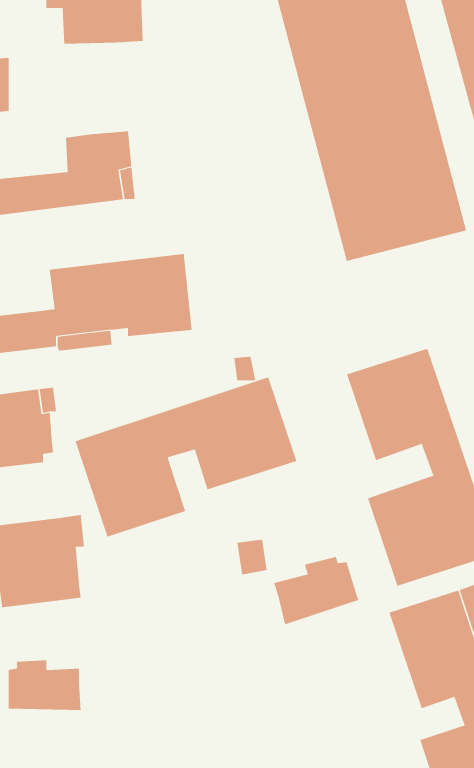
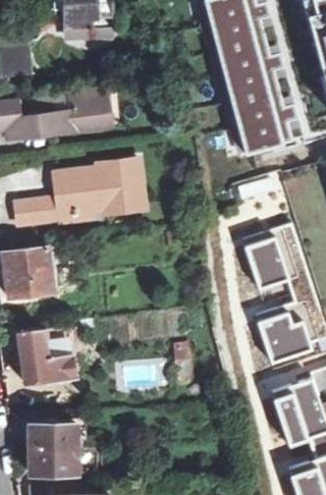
building: [75,377,297,538] -> none
building: [273,556,359,625] -> none
building: none -> [30,447,75,477]

